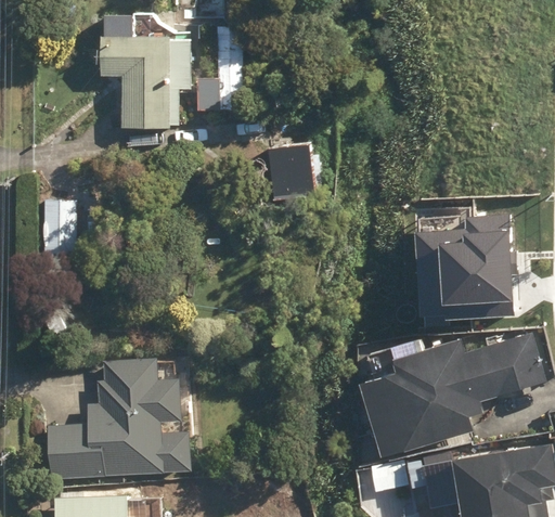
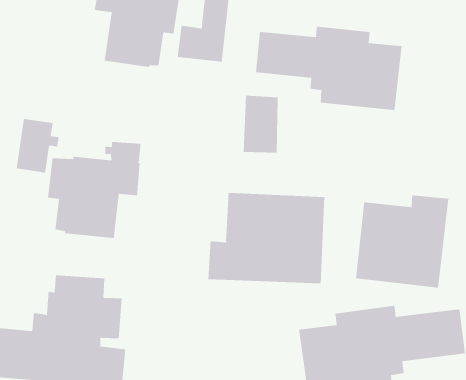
building: none -> [256,26,402,111]
building: none -> [48,141,141,239]
building: none -> [208,192,325,284]

